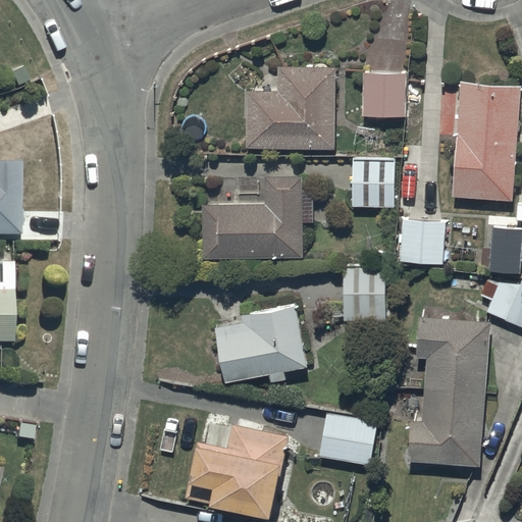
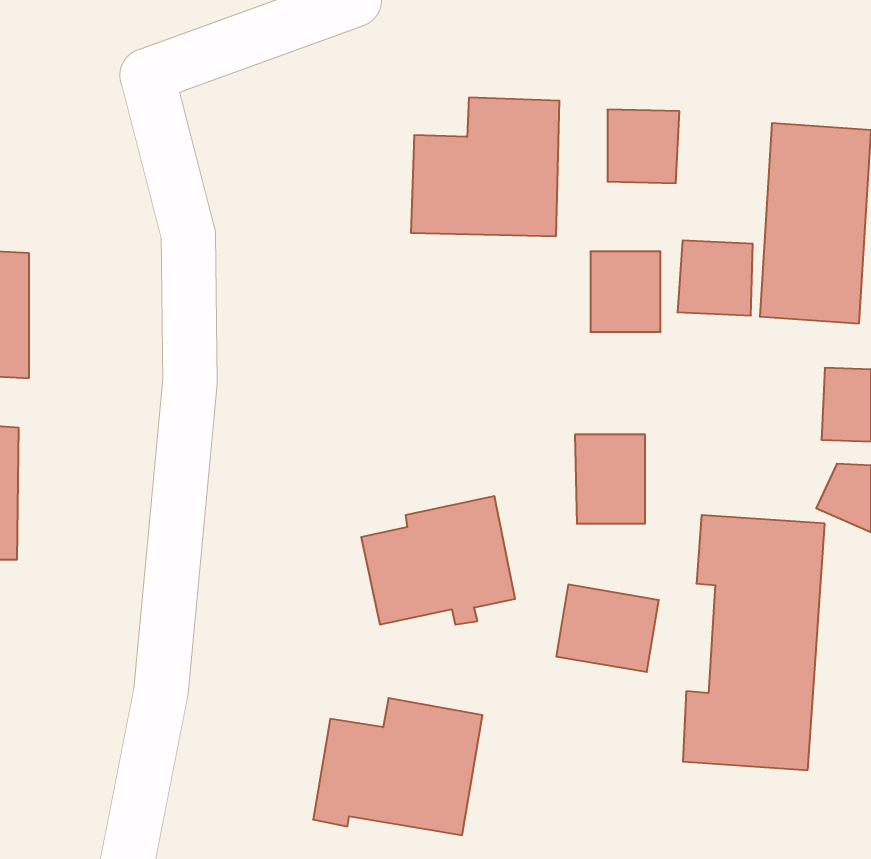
building: [202,176,312,258] -> none
building: [399,220,443,265] -> [677,240,753,316]
building: [318,416,379,468] -> [556,585,659,672]

